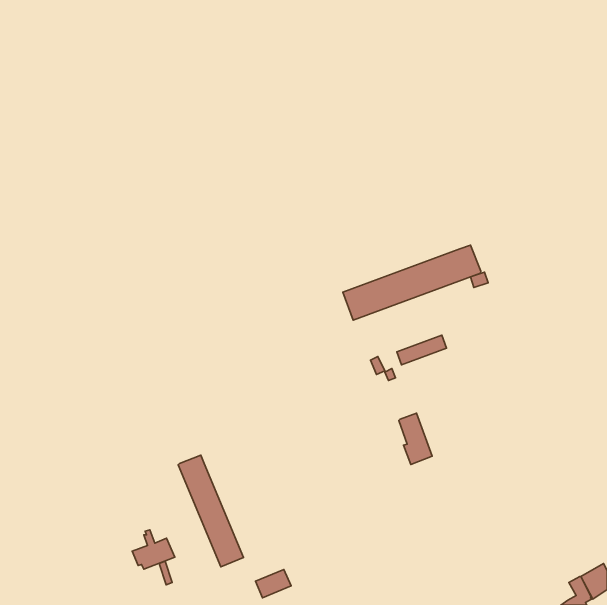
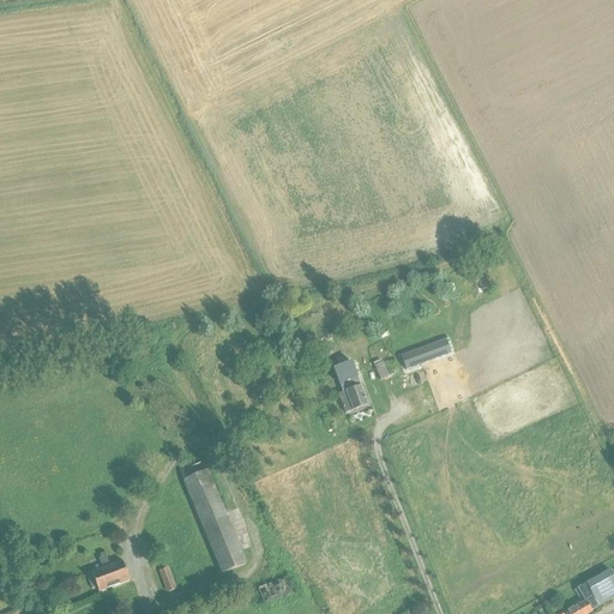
building: [343,245,481,320] -> none
building: [399,413,432,464] -> [333,360,367,411]
building: [132,530,175,569] -> [86,550,130,590]

